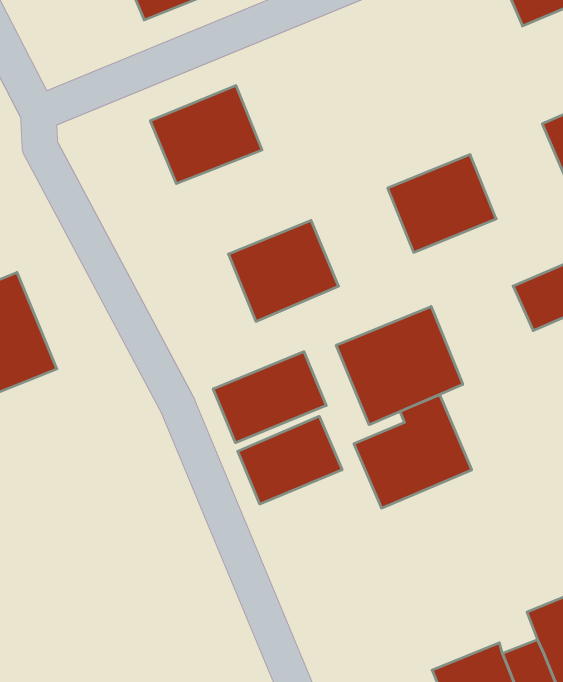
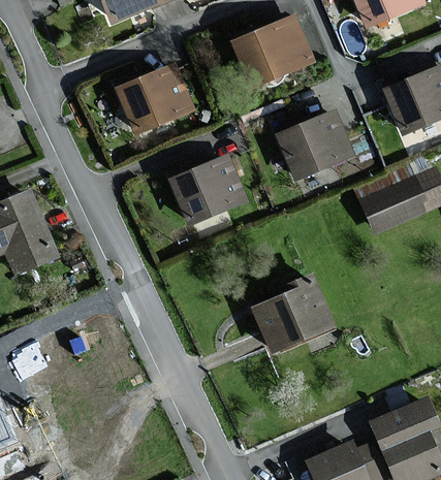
building: none -> [233,17,311,86]
building: [336,306,463,425] -> none
building: [213,352,326,443] -> none
building: [238,416,342,504] -> none

